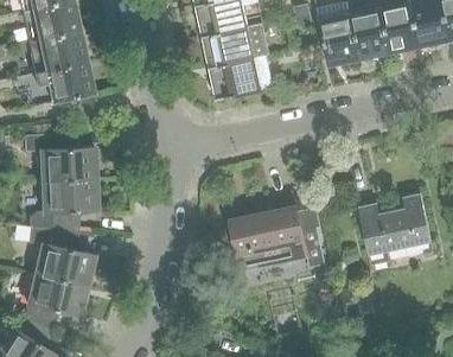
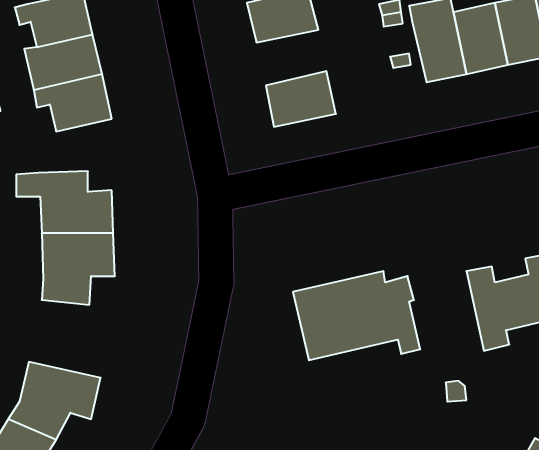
building: [203,23,272,68] -> none
building: [33,228,95,286] -> none

